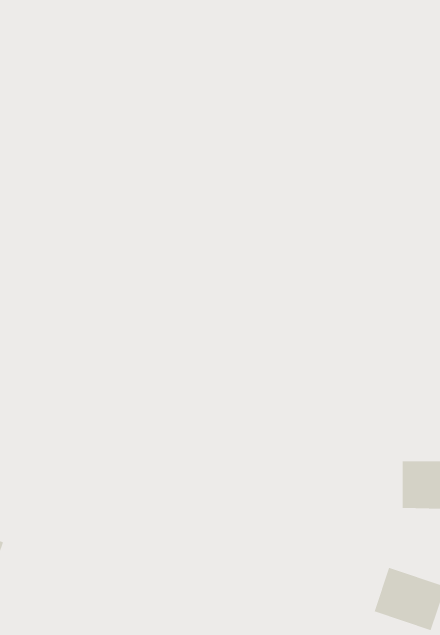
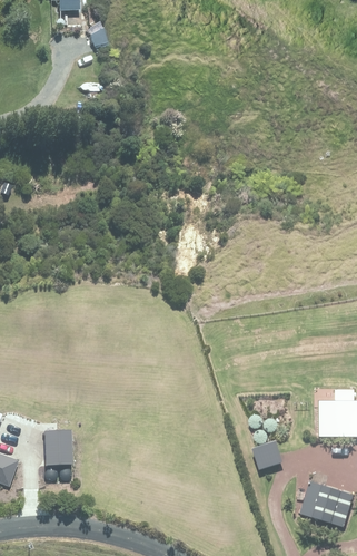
building: none -> [43,428,73,465]
building: none -> [252,439,281,468]

